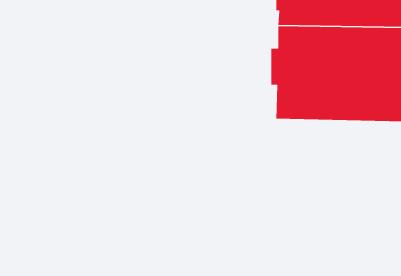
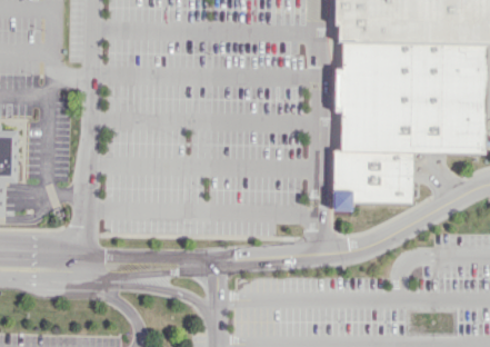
building: none -> [331,150,411,209]

